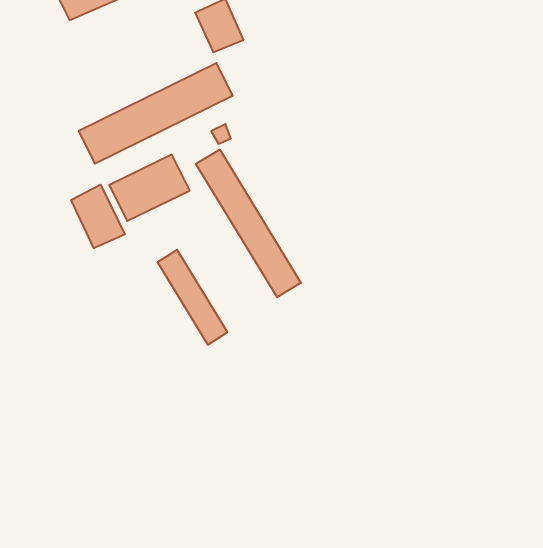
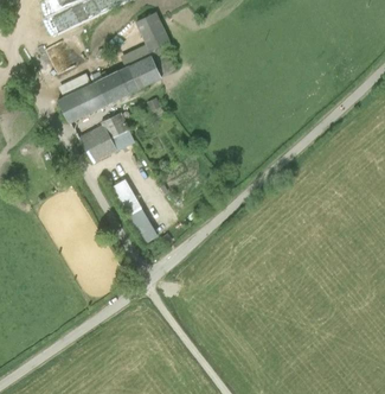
building: [196,150,301,297] -> none
building: [71,185,125,248] -> none

